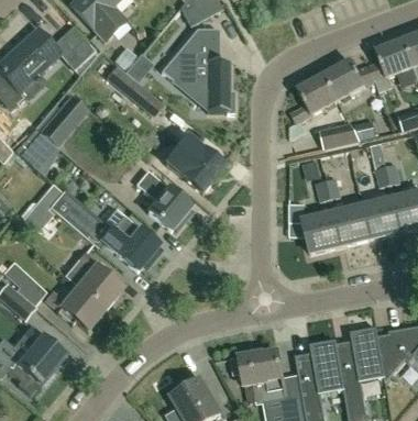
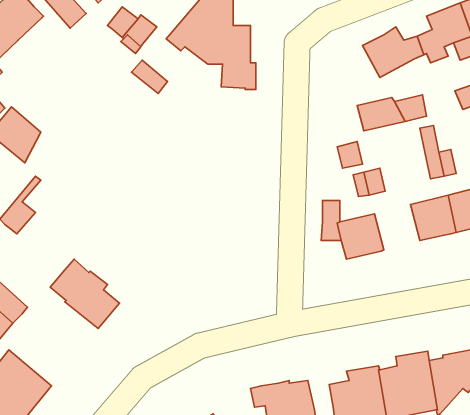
building: [288,76,337,140] -> none
building: [36,95,89,147] -> none
building: [167,137,224,192] -> none
building: [135,170,190,231] -> none
building: [48,189,161,270] -> none
building: [332,207,370,244] -> none
building: [45,287,104,331] -> none

